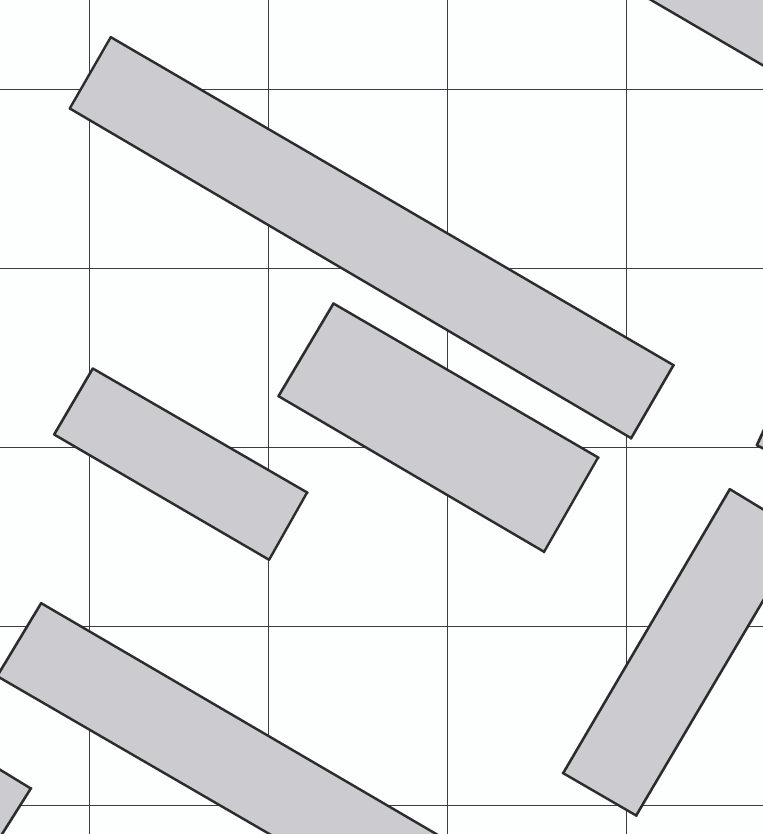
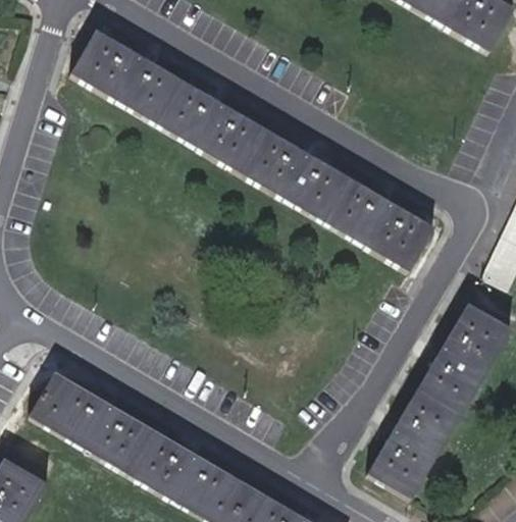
building: [279,304,598,552] -> none
building: [54,369,307,560] -> none

